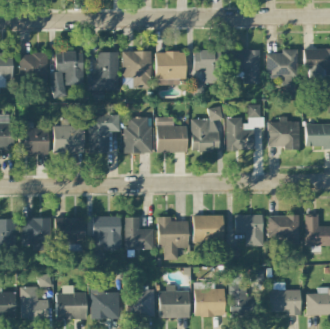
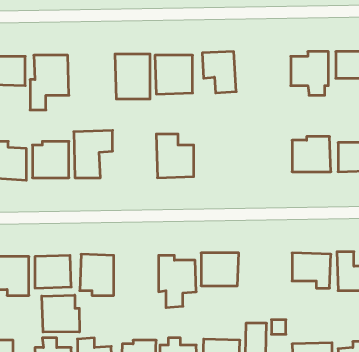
building: [235,49,261,84] -> none
building: [88,52,120,91] -> none
building: [227,105,262,150] -> none
building: [191,107,222,152] -> none
building: [124,117,153,153] -> none
building: [235,214,263,246] -> none
building: [125,217,154,249] -> none
building: none -> [42,295,79,332]

